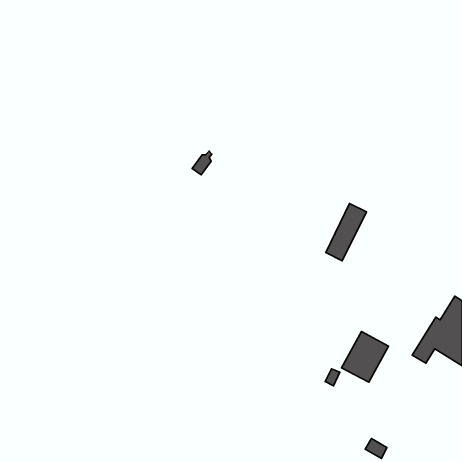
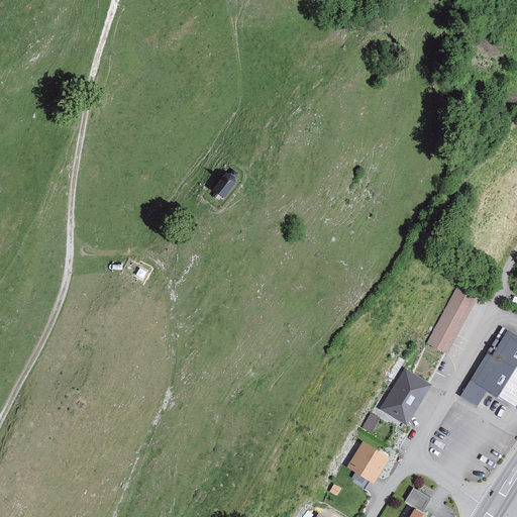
building: [326,204,367,261] -> [427,289,473,352]
building: none -> [348,441,392,483]

